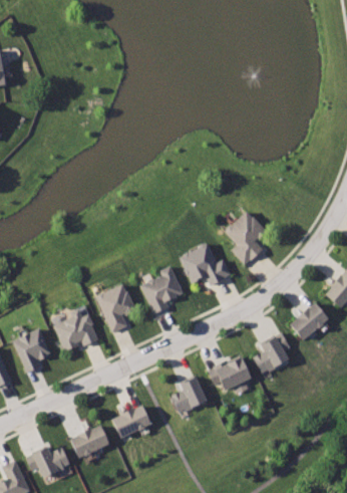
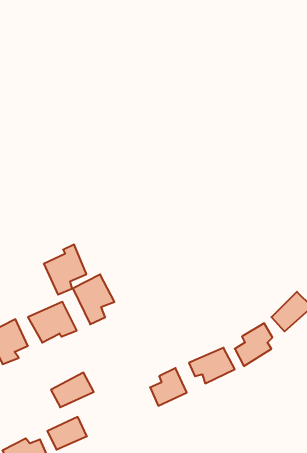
building: [225,211,268,266] -> none
building: [180,243,232,285] -> none
building: [140,265,183,314] -> [44,245,86,295]
building: [111,405,153,439] -> [51,373,94,407]

